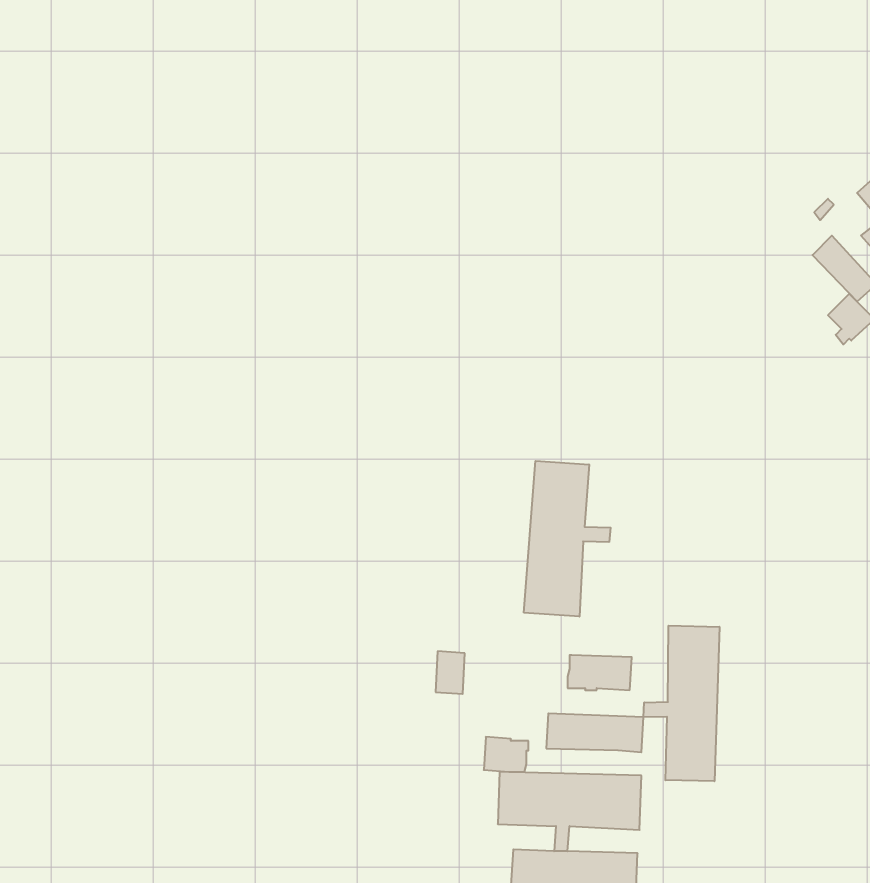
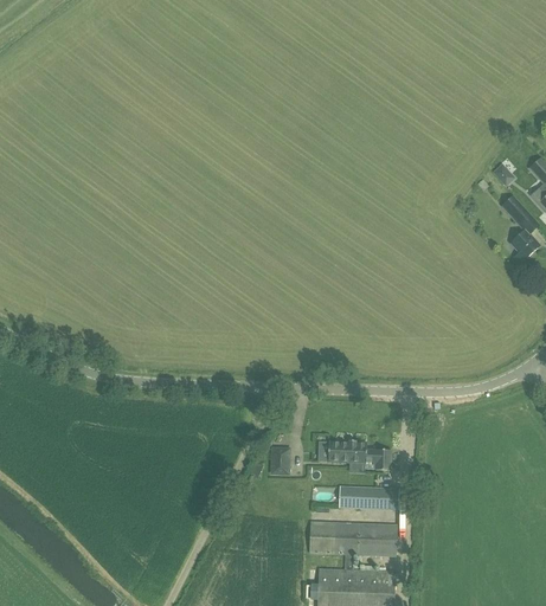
building: [524,461,611,617] -> none
building: [643,626,719,781] -> none
building: [484,737,528,772] -> [327,441,354,463]

